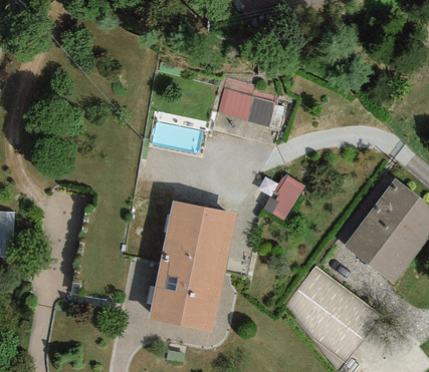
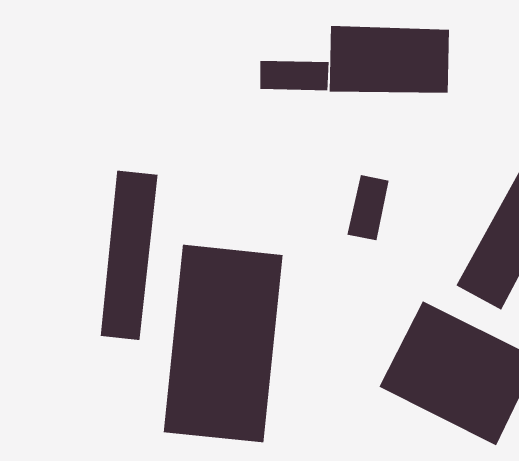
building: none -> [329,25,450,93]
building: none -> [100,170,158,341]

